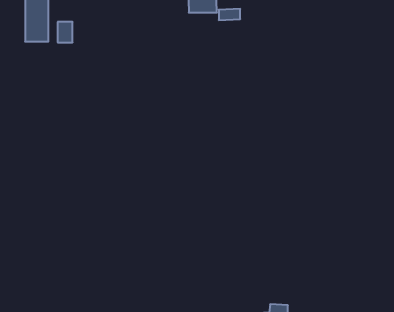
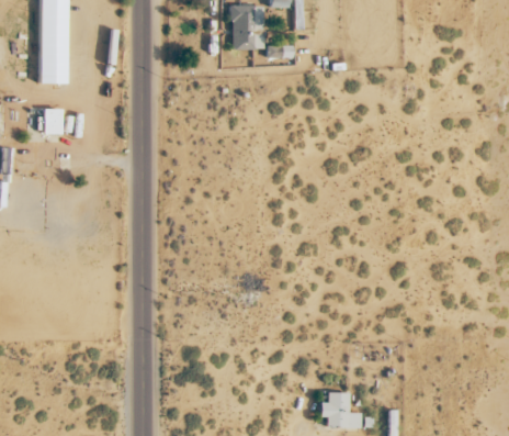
building: [58,22,73,42] -> [43,109,60,133]

